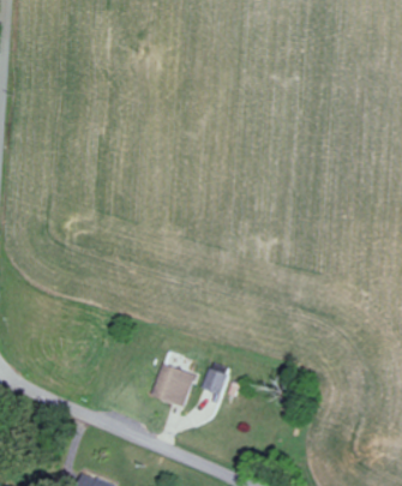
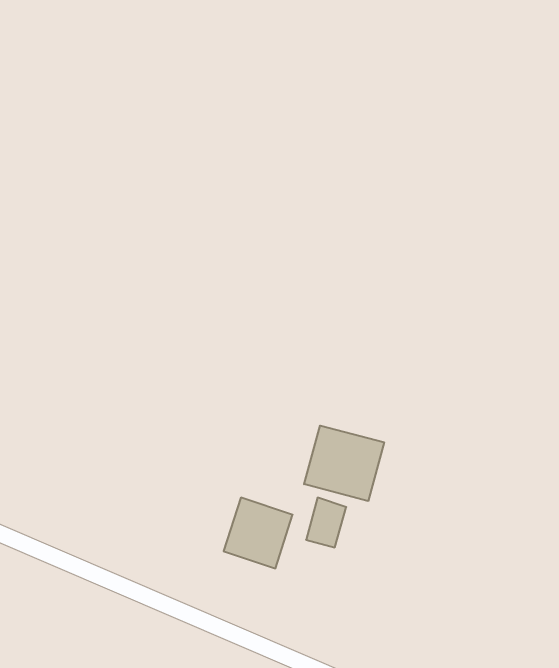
building: none -> [304,426,384,501]

